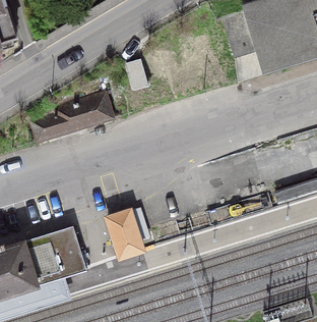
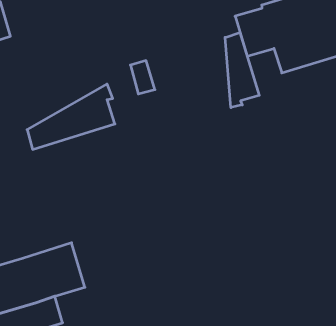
building: none -> [225,32,259,108]
building: [107,210,142,255] -> none

